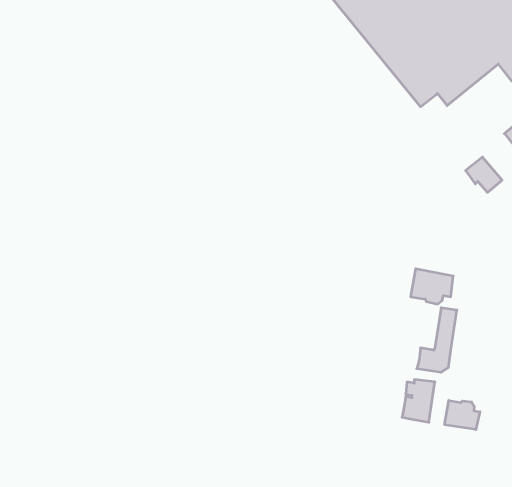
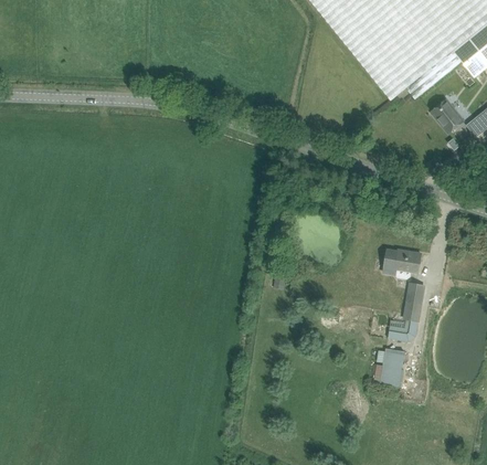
building: [466,157,502,192] -> [431,98,464,130]
building: [445,400,480,430] -> none

